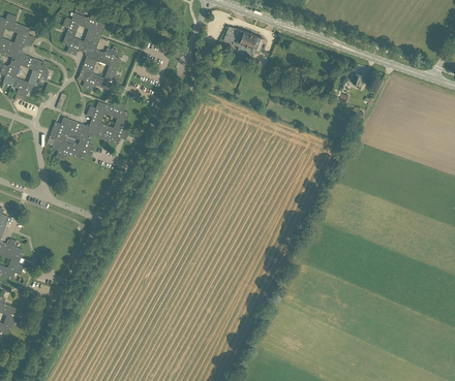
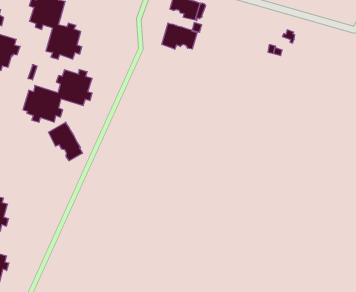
building: none -> [162,23,197,49]
building: none -> [48,122,83,161]

